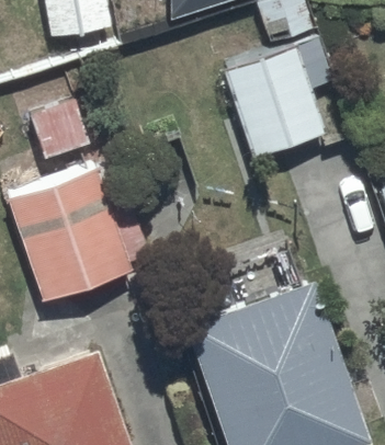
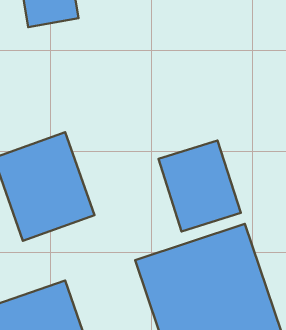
building: [223,42,337,158] -> none
building: none -> [158,141,241,231]

